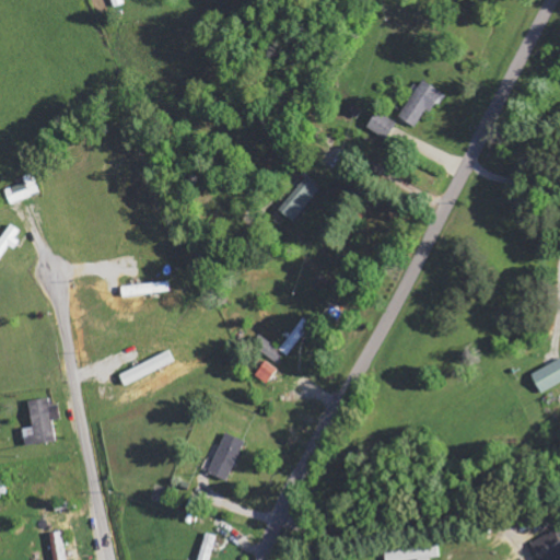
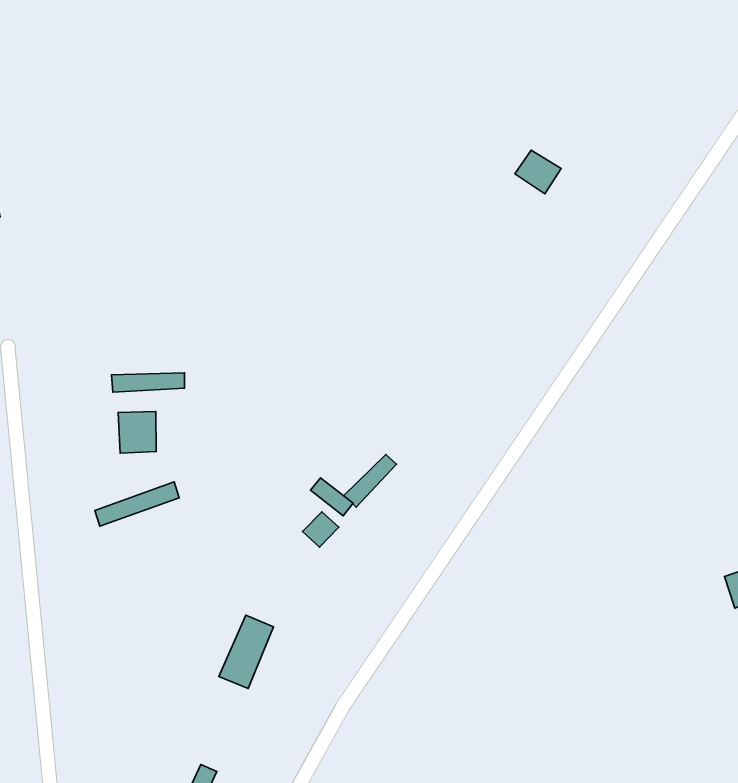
building: [398,80,441,128] -> none
building: [278,177,319,221] -> none
building: none -> [118,411,156,453]

